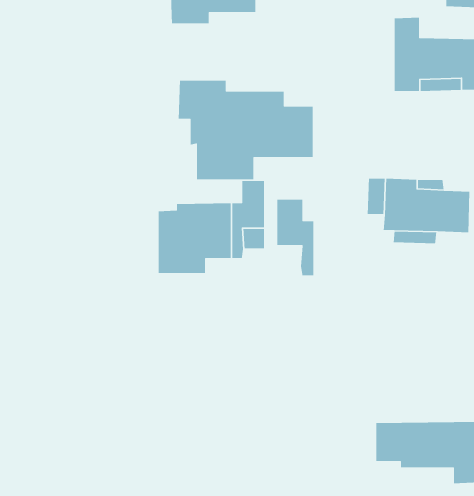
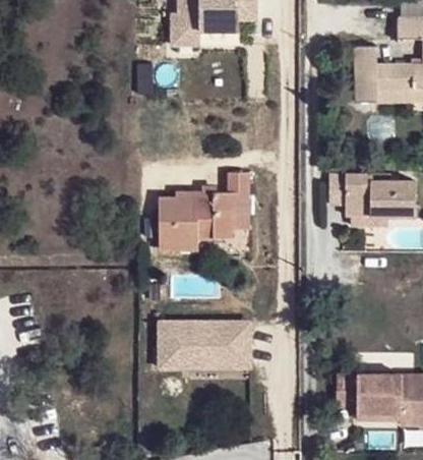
building: [178,80,314,180] -> none
building: [277,199,314,276] -> none
building: none -> [159,320,252,370]

